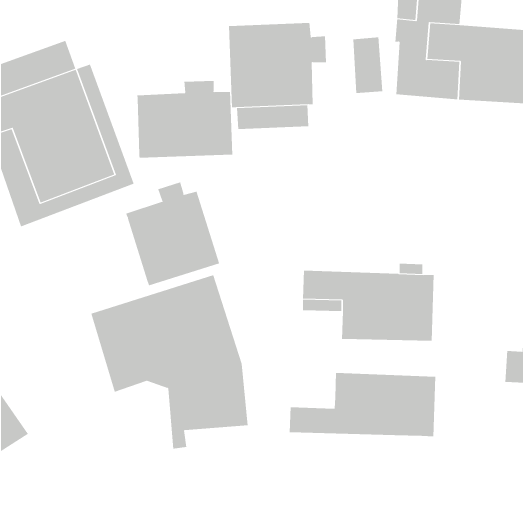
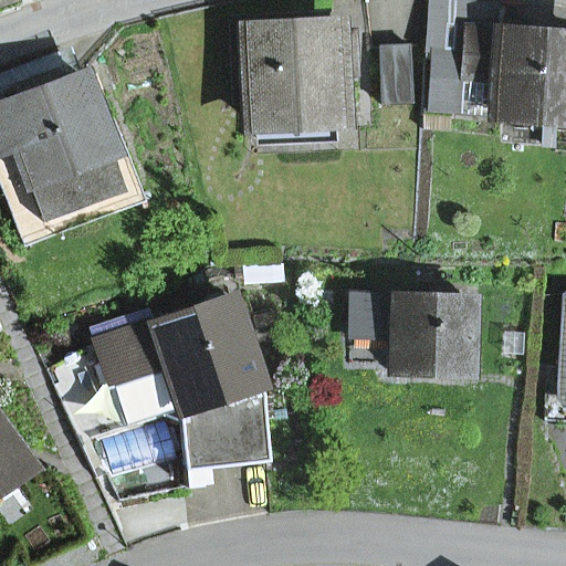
building: [137,80,233,159] -> none
building: [126,181,220,286] -> none
building: [289,372,436,437] -> none

